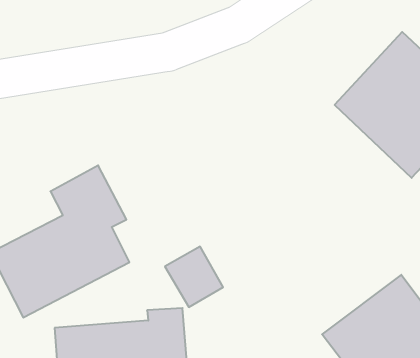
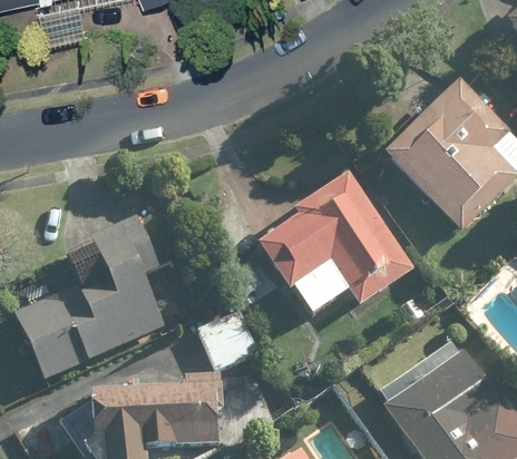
building: none -> [255,172,414,321]

